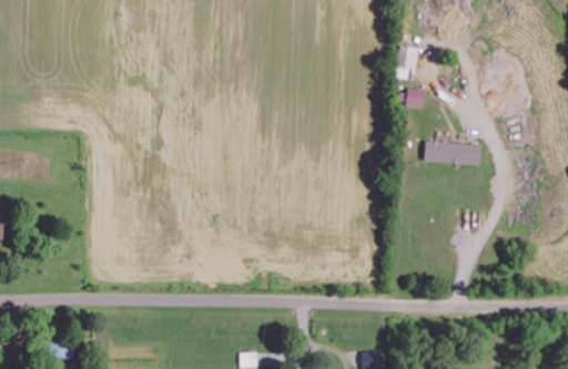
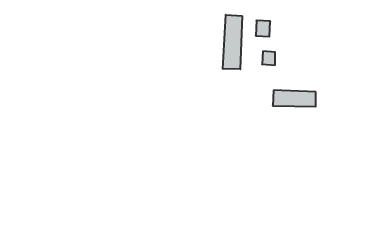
building: none -> [223,15,242,69]

